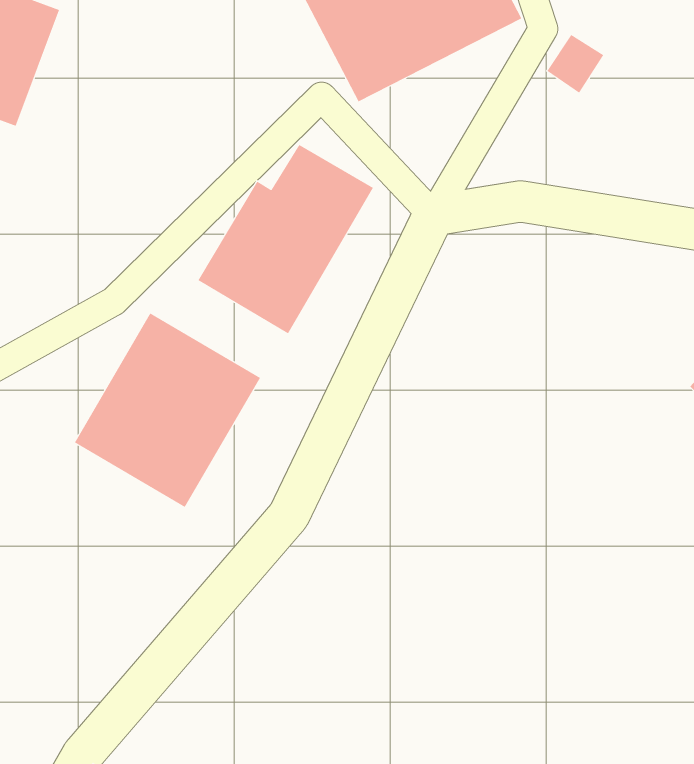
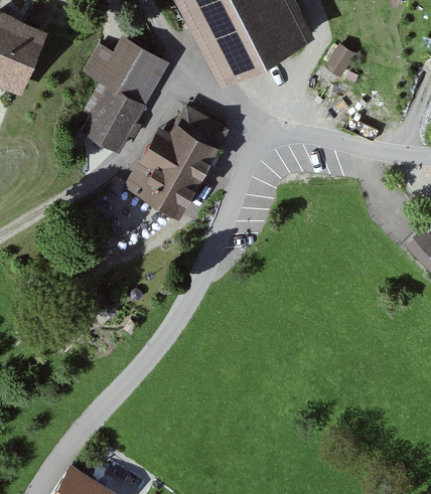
building: none -> [86,38,171,153]
building: [74,313,261,508] -> none

